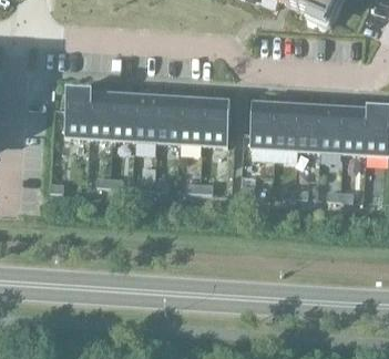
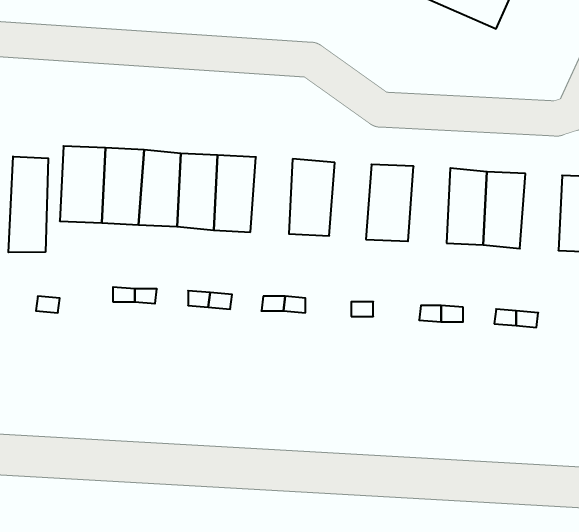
building: none -> [8,156,48,252]
building: [178,99,204,145] -> none
building: [274,104,299,151] -> none
building: [341,109,367,155] -> none

